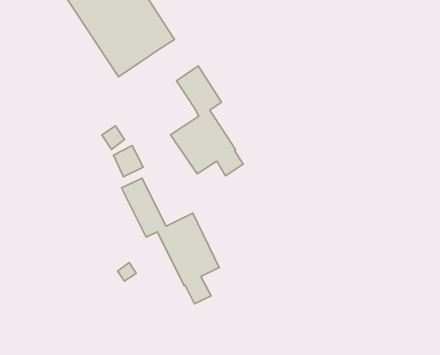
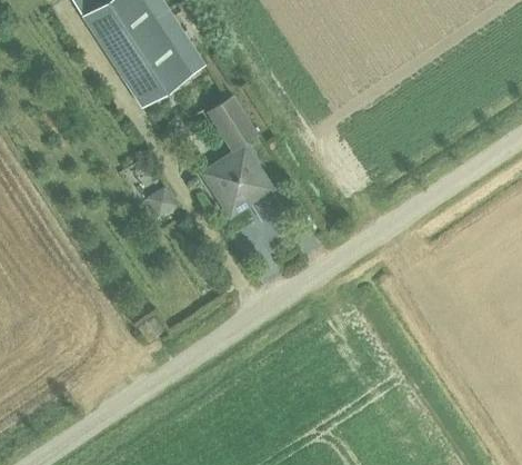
building: [121,178,219,304] -> none

